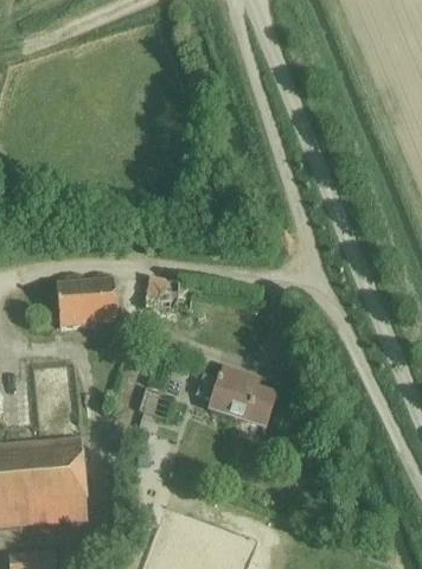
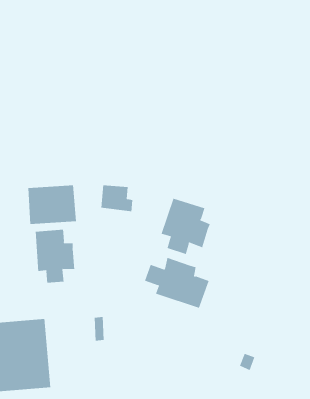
building: none -> [161,198,211,255]
building: none -> [35,229,75,284]

